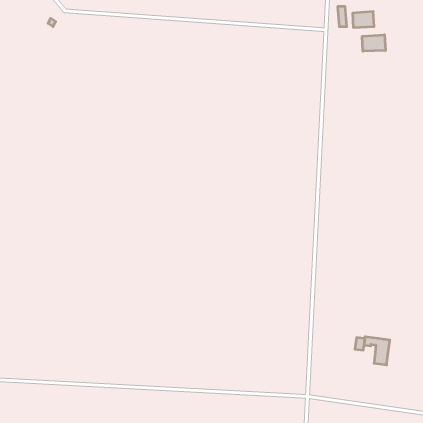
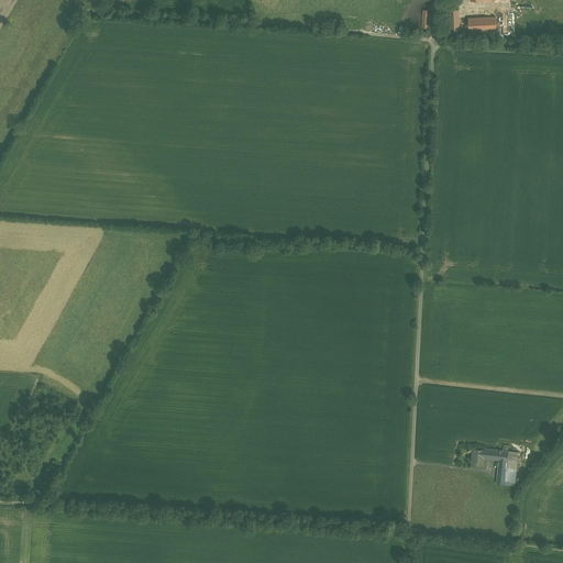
building: [362,35,385,51] -> none

